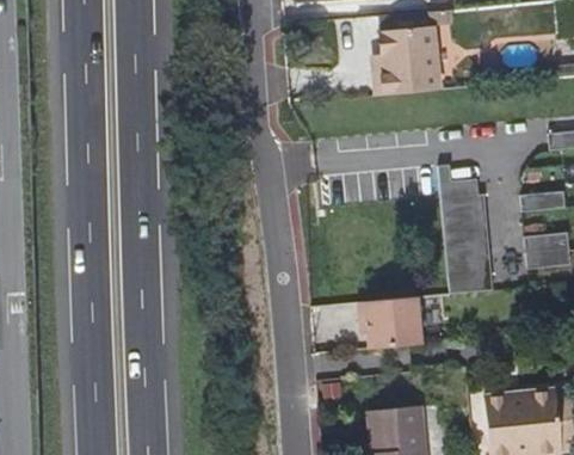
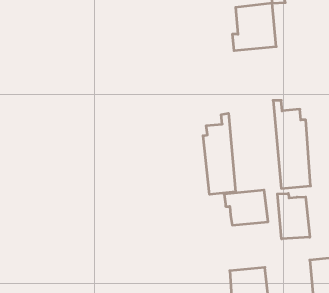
building: none -> [203,113,236,194]
building: none -> [277,193,310,239]

